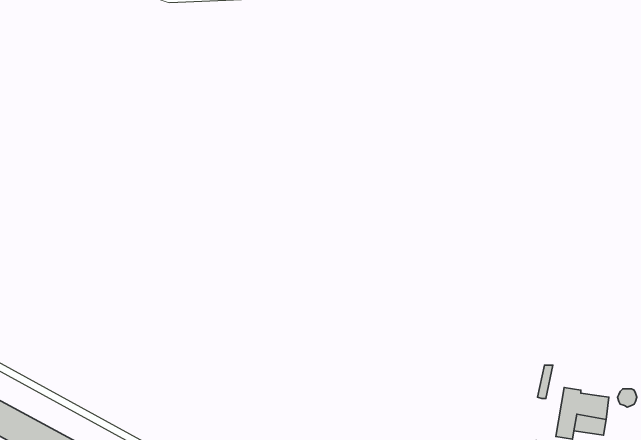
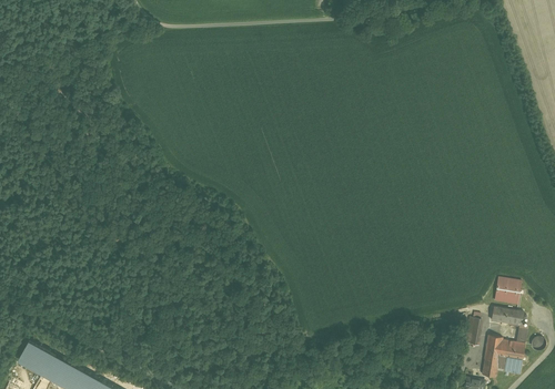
building: none -> [494,278,521,306]
building: none -> [491,308,526,345]

